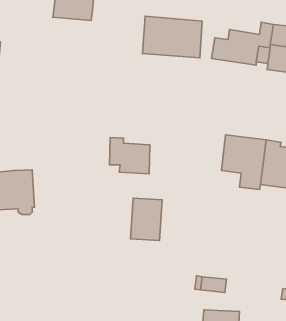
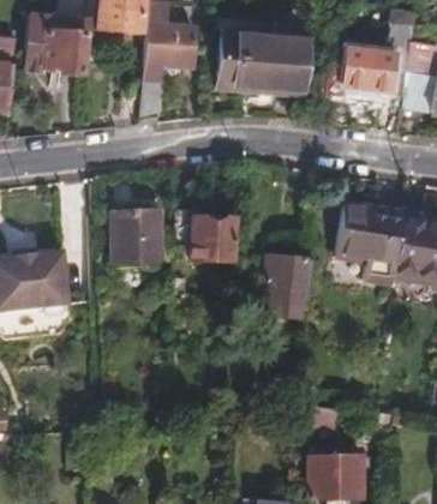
building: none -> [26,14,96,77]
building: none -> [140,17,198,120]
building: none -> [116,206,163,259]
building: [131,198,162,240] -> [262,253,307,314]

